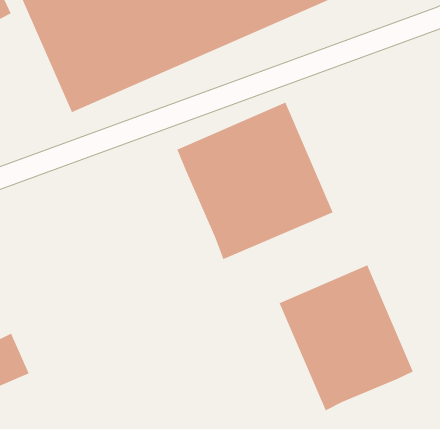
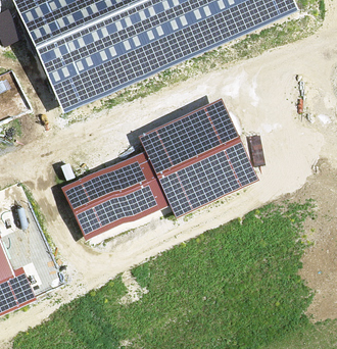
building: none -> [62,151,168,237]
building: [279,265,413,411] -> none

